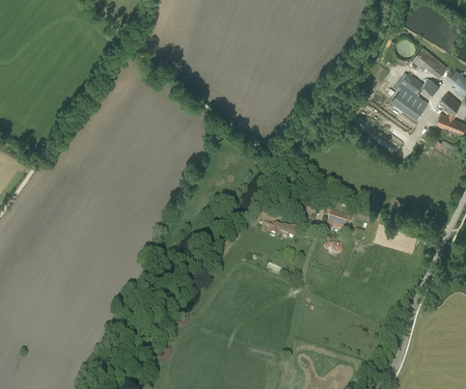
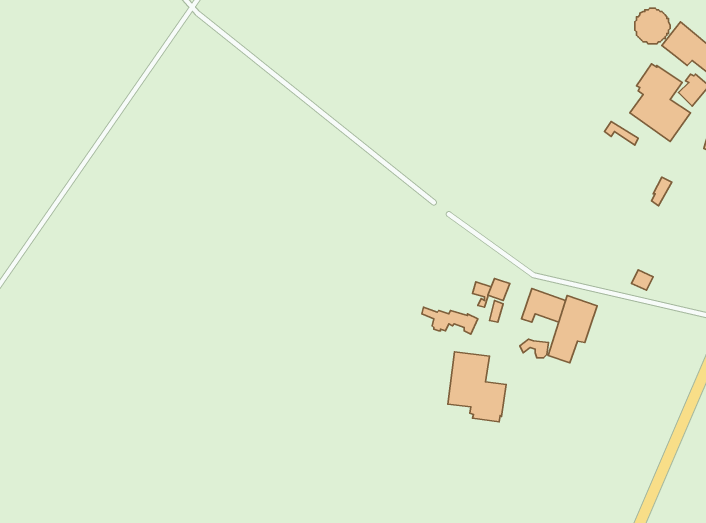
building: none -> [548,296,597,363]
building: none -> [448,352,506,422]

